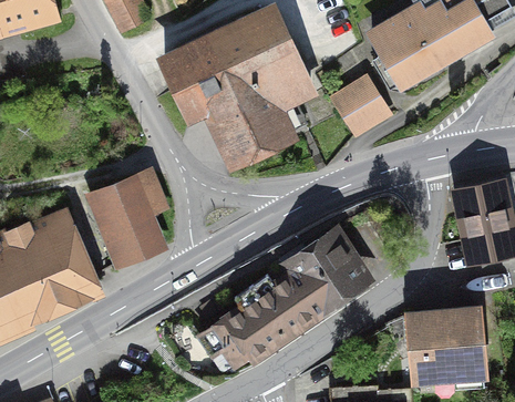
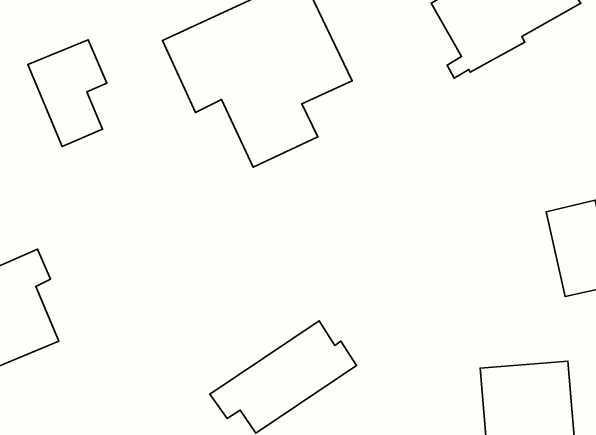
building: [333,82,388,136] -> none
building: [101,177,162,259] -> [28,40,107,146]
building: [282,229,362,312] -> none

